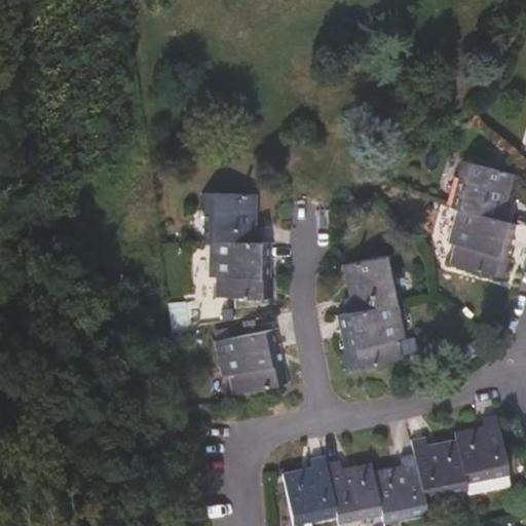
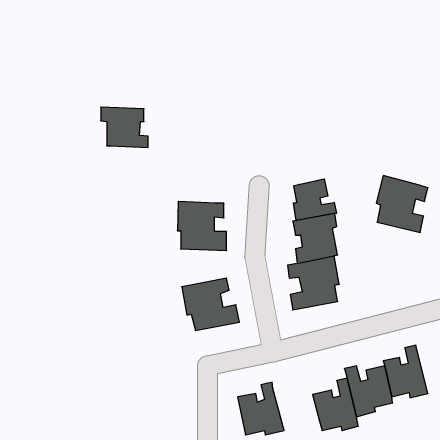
building: [453,162,506,221] -> none
building: [201,194,258,242] -> [101,107,148,147]
building: none -> [293,179,337,221]
building: [326,459,381,521] -> none

